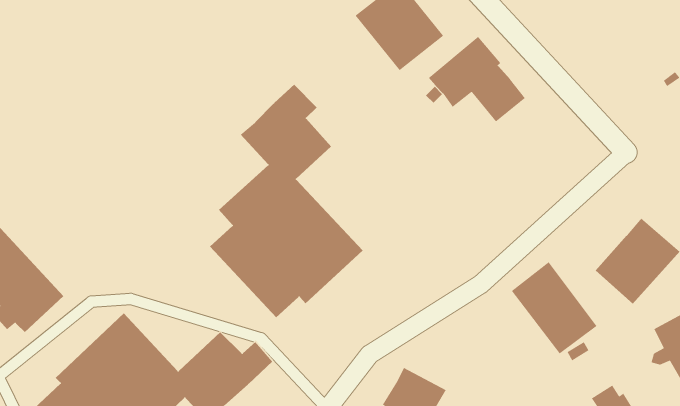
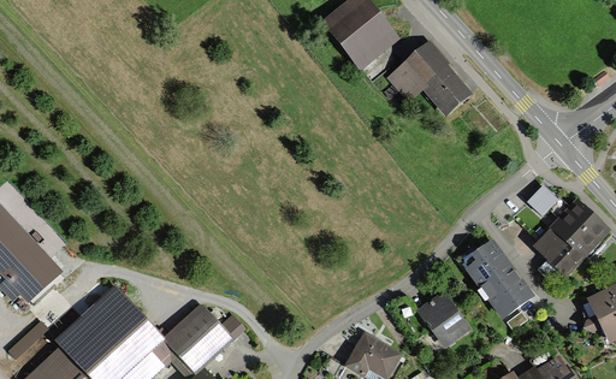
building: [209,84,364,318] -> none
building: none -> [526,185,558,218]
building: none -> [415,289,472,349]

